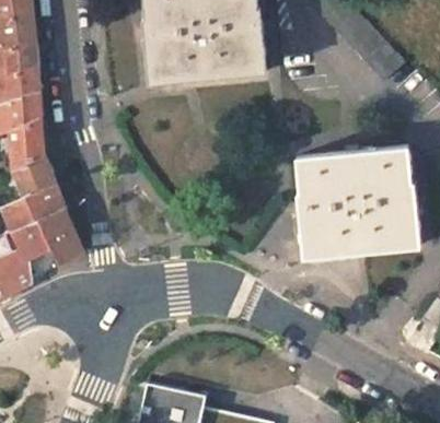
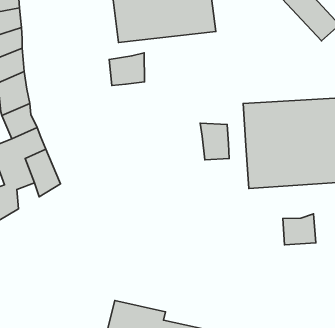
building: none -> [109,53,145,86]
building: none -> [200,123,229,160]
building: none -> [283,214,316,245]

